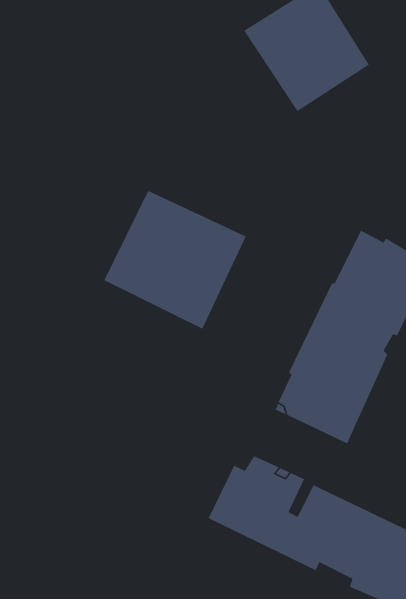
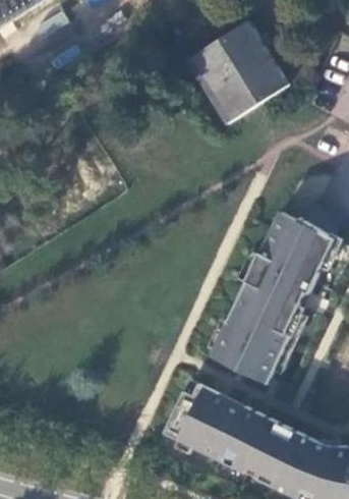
building: [103,190,247,330] -> none

